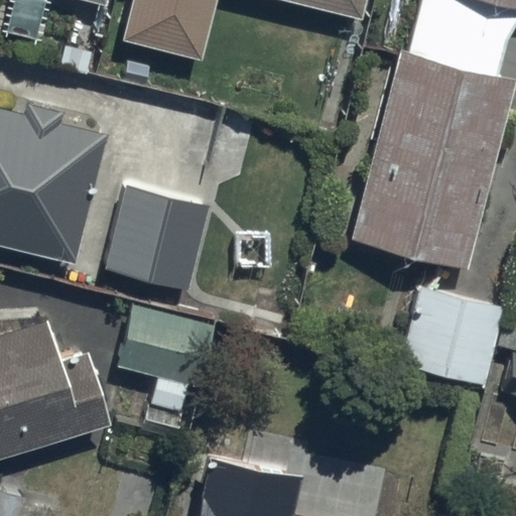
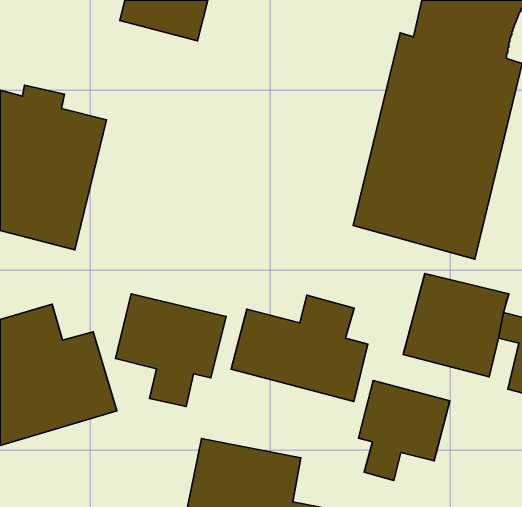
building: [104,184,207,288] -> none
building: none -> [231,295,368,402]
building: none -> [359,380,450,480]

